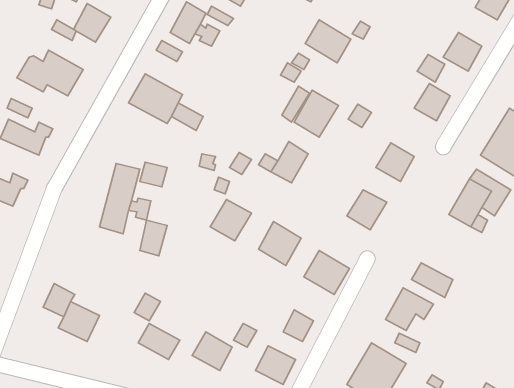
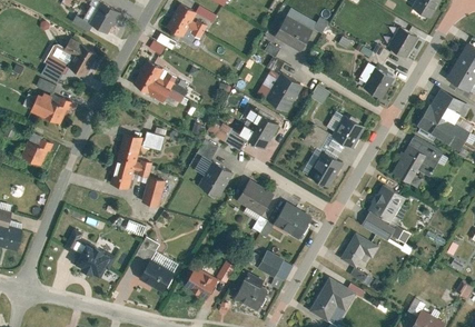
building: none -> [367,186,405,224]

